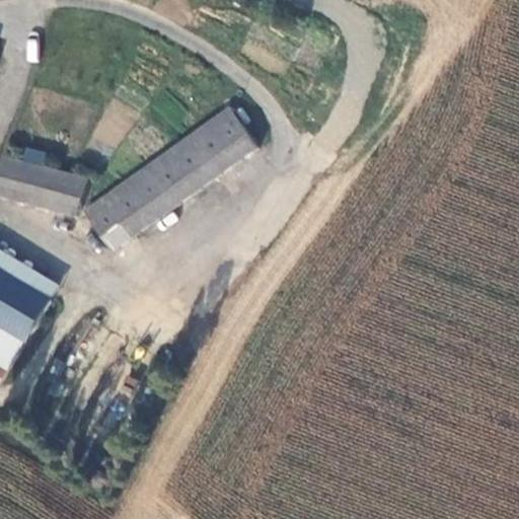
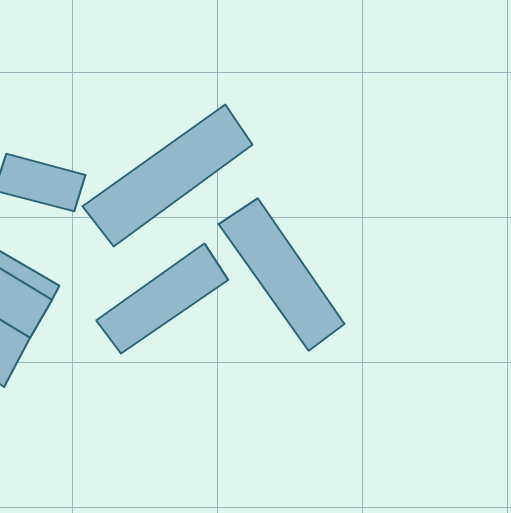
building: none -> [218,198,345,351]
building: none -> [96,244,228,354]

